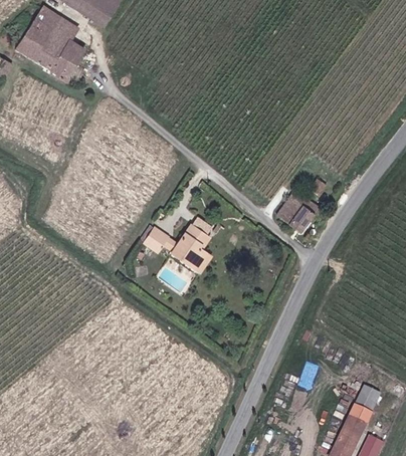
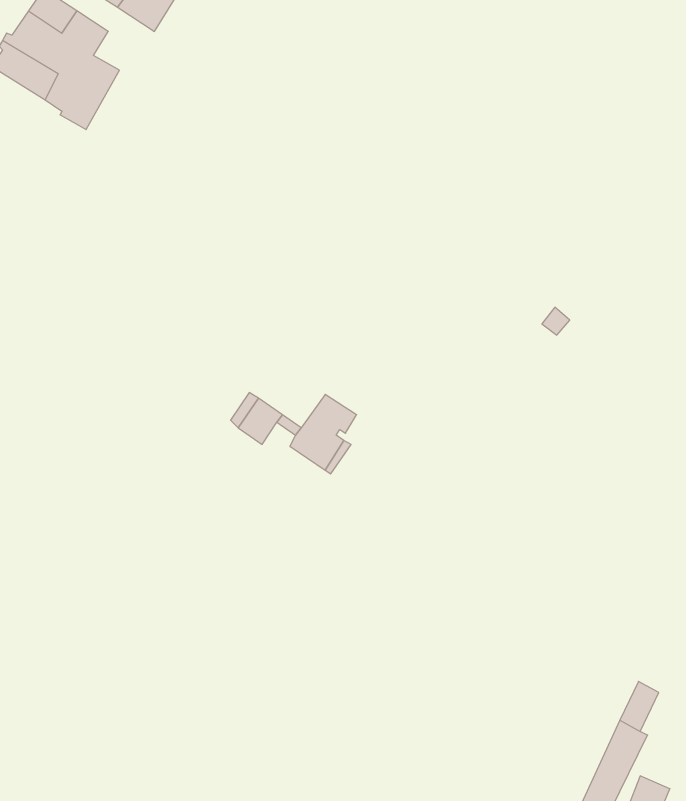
building: [277,193,322,232] -> none

